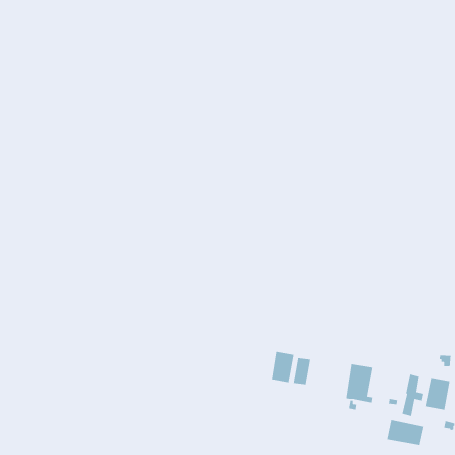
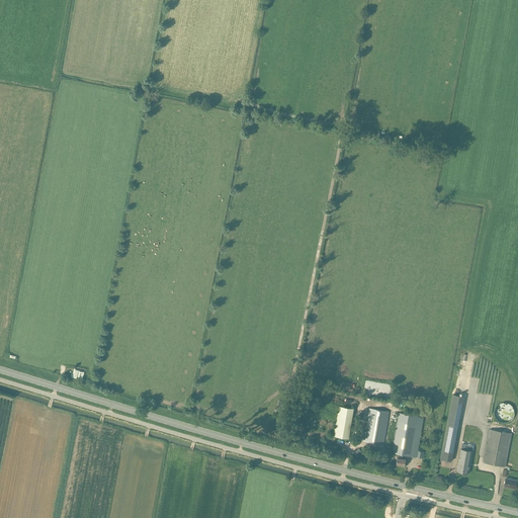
building: [271,351,294,384] -> [363,408,390,445]
building: [386,419,424,446] -> none

